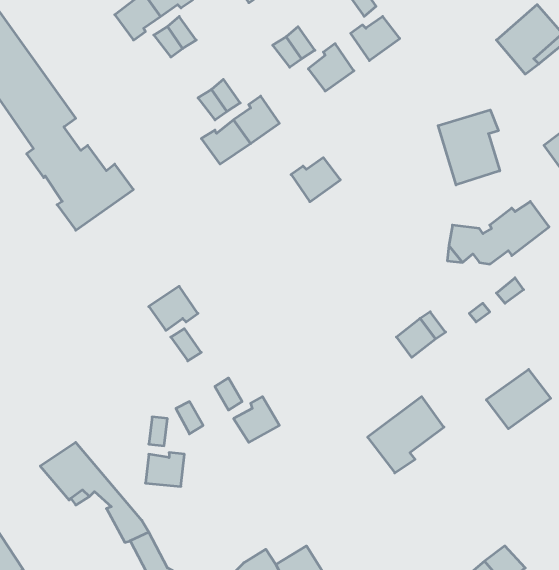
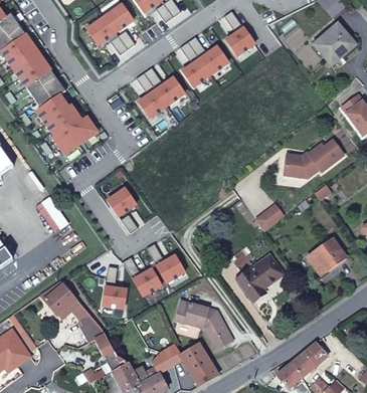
building: [438,110,500,185] -> none
building: [291,158,340,202] -> [181,60,210,86]
building: none -> [133,268,160,296]
building: none -> [175,301,234,349]

